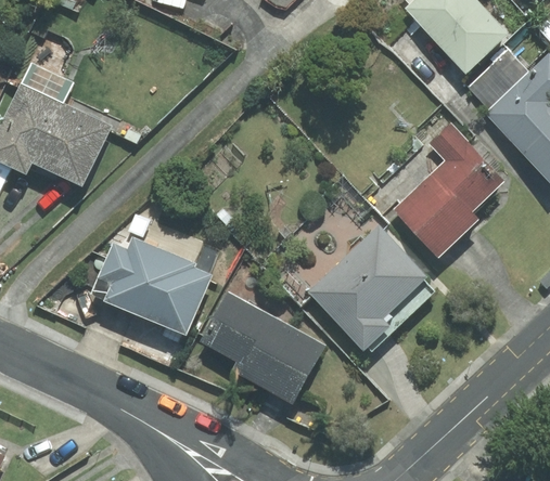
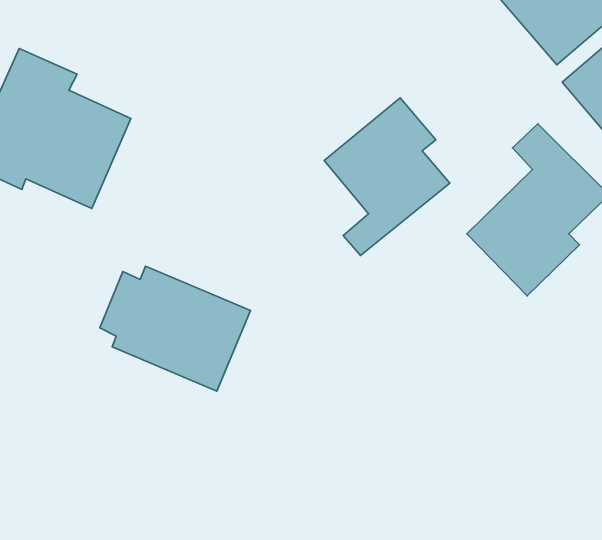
building: none -> [324,98,450,255]
building: [307,227,438,358] -> none
building: [196,290,324,405] -> none

